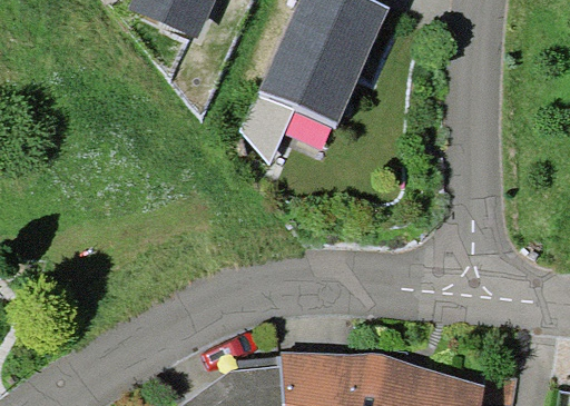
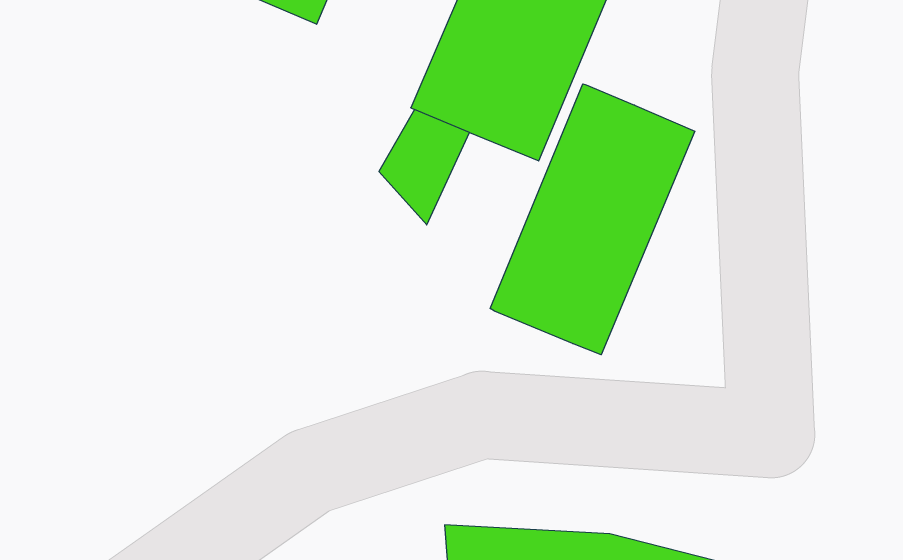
building: none -> [490,84,695,355]

